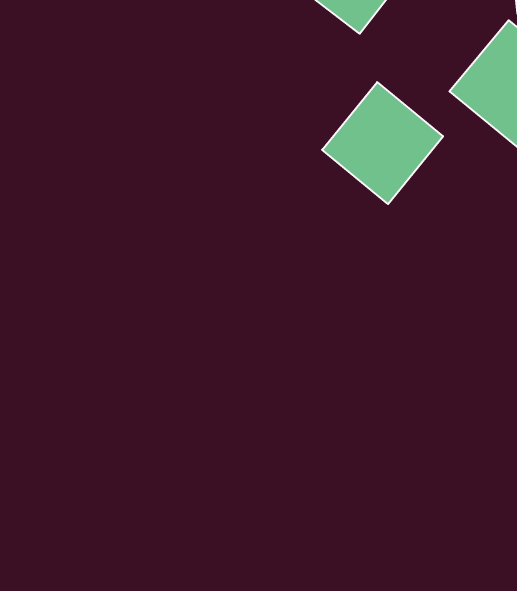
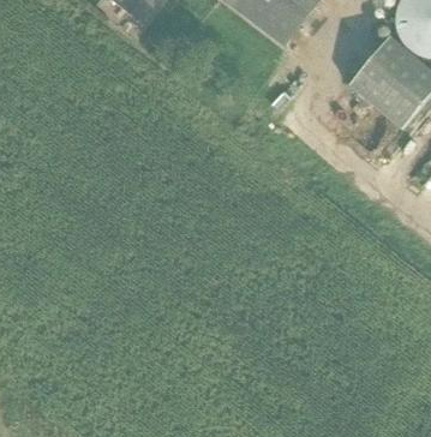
building: [322,82,443,204] -> none

